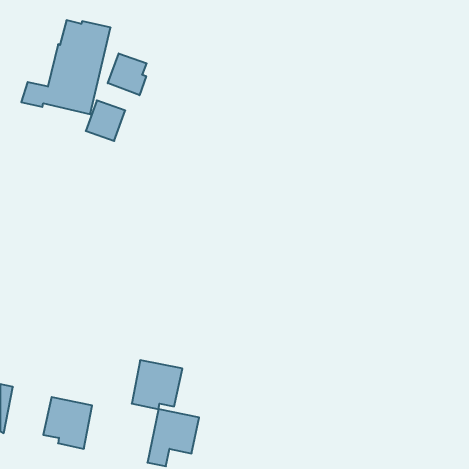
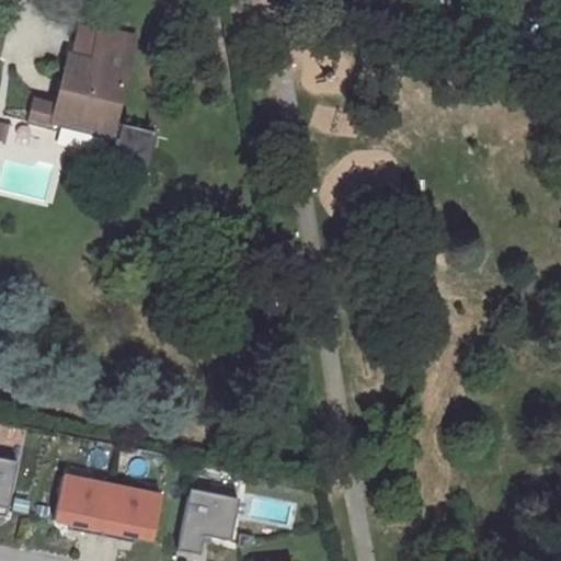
building: [108,53,147,95] -> none
building: [132,360,182,409] -> [102,482,162,540]

